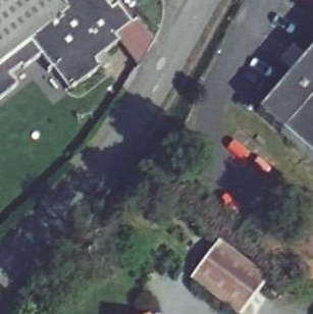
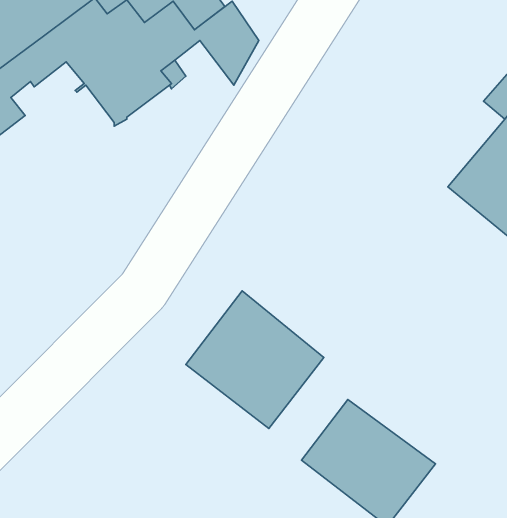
building: none -> [186,291,324,429]

